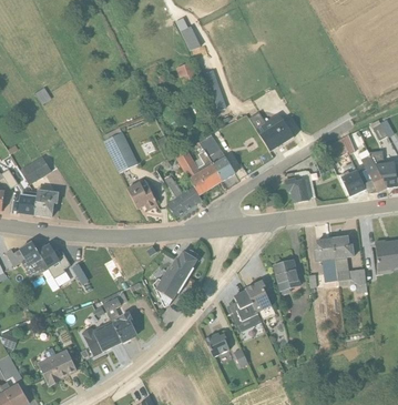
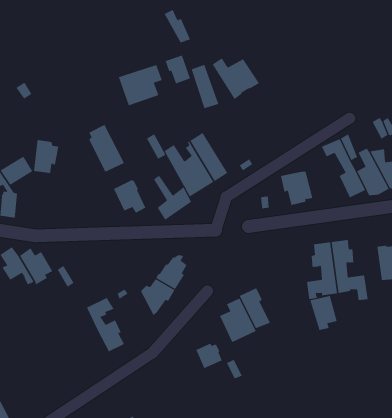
building: none -> [118,63,163,106]
building: [248,111,294,151] -> [212,57,260,100]
building: [34,184,59,216] -> [33,140,59,174]
building: [273,260,299,293] -> [309,295,338,331]
building: [81,320,122,355] -> none
building: [37,346,76,386] -> none

